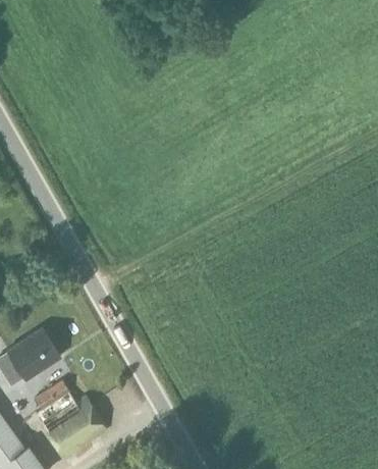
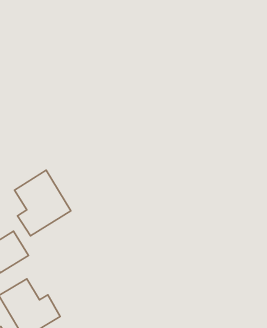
building: none -> [14,170,71,236]

